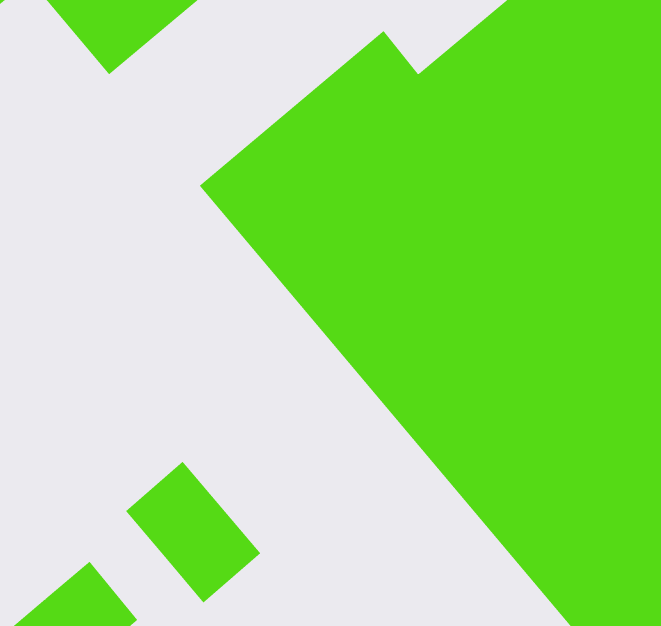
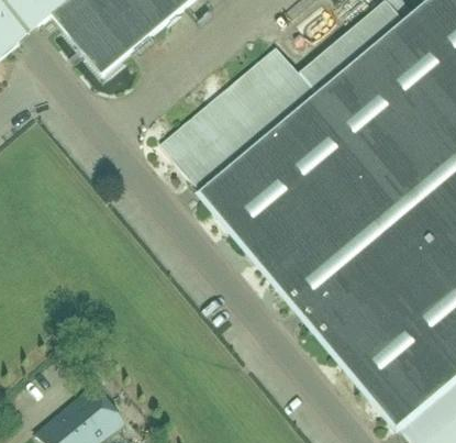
building: [125,461,261,603] -> none

